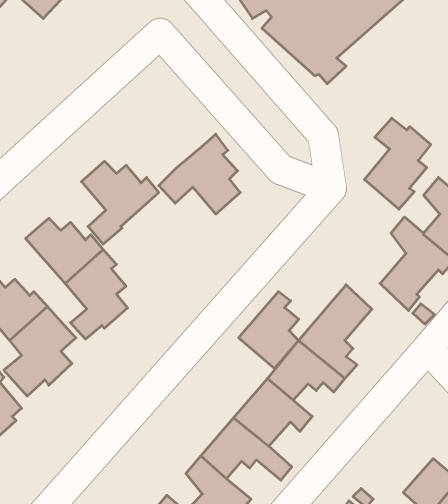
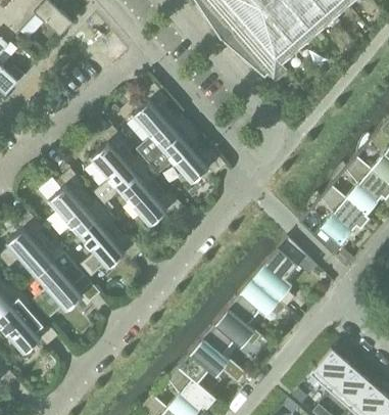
building: none -> [131,99,190,162]
building: [364,118,431,209] -> none
building: none -> [118,167,165,226]
building: [239,292,299,369] -> none
building: none -> [309,349,353,393]

